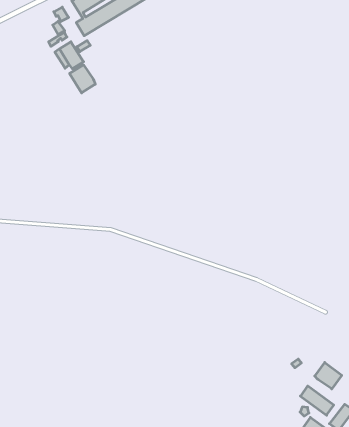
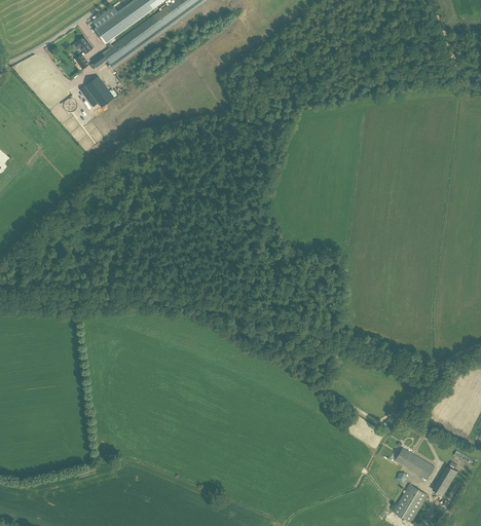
building: [70,65,95,93] -> none
building: [315,362,342,389] -> none

